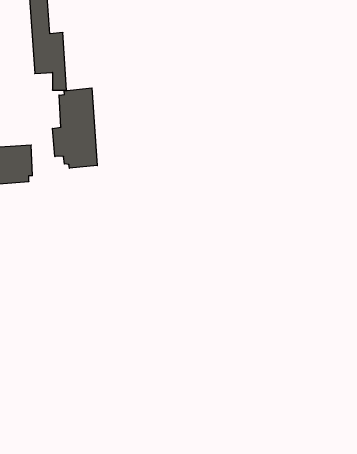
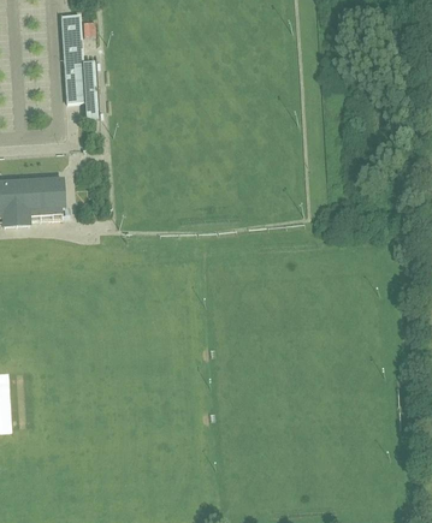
building: [52,88,97,168] -> none

